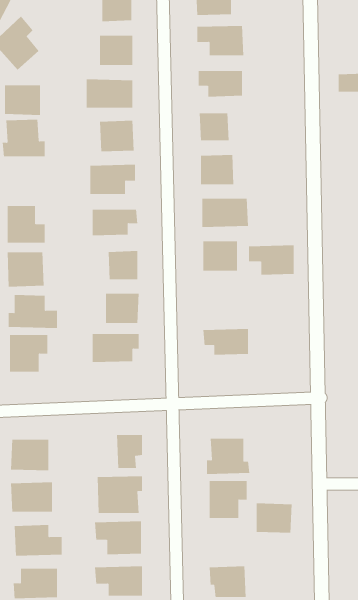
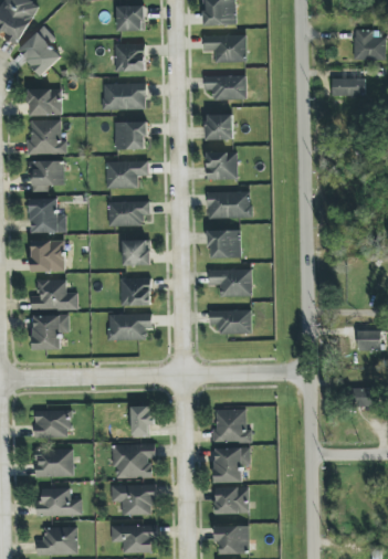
building: none -> [31,160,64,191]
building: [248,245,294,275] -> [209,268,251,296]
building: [256,503,292,533] -> [216,486,249,514]

